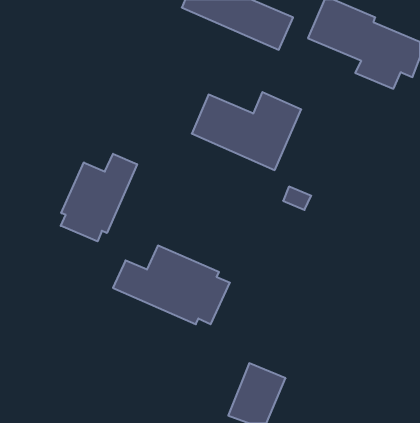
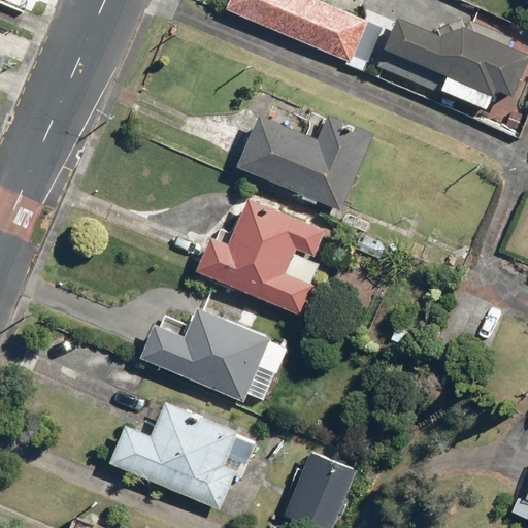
building: none -> [198,189,330,312]
building: [61,154,137,241] -> none
building: none -> [107,400,262,509]

